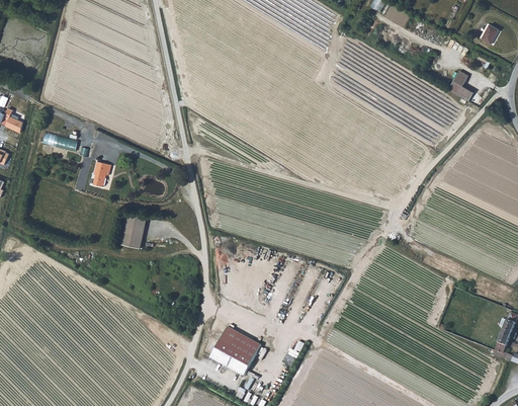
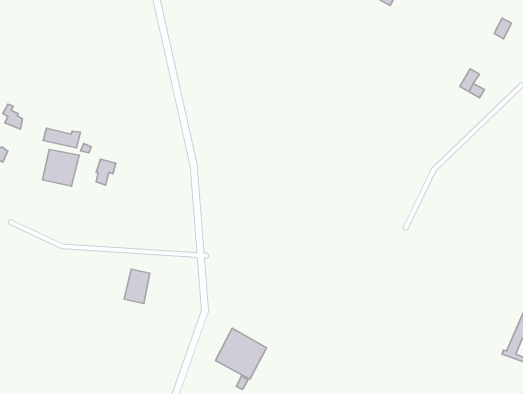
building: none -> [42,149,79,186]
building: [122,216,148,249] -> [124,269,150,303]

